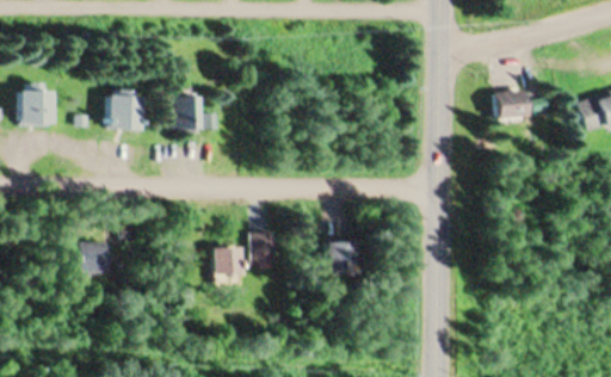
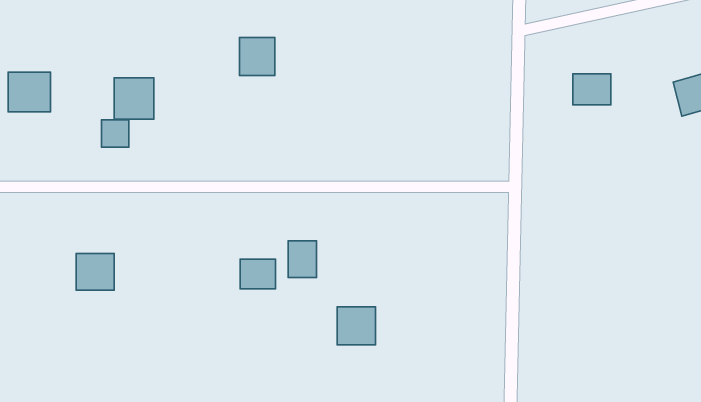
building: [172,97,202,129] -> [240,37,275,76]
building: none -> [102,120,129,147]
building: [327,241,359,273] -> [337,307,375,345]

